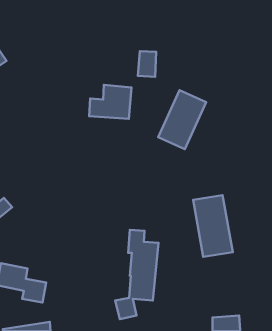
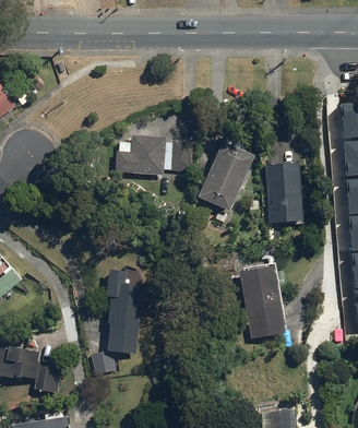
building: [138,51,156,77] -> [169,141,191,171]
building: none -> [263,162,302,223]
building: [115,230,158,319] -> [90,269,141,374]

